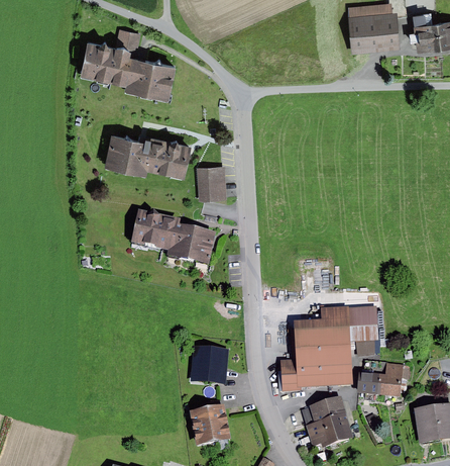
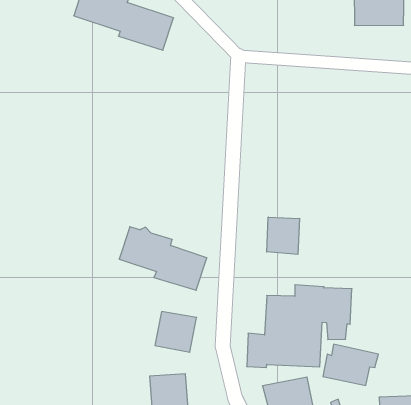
building: [105,131,191,174] -> none
building: [197,165,227,199] -> none
building: [131,209,216,265] -> [119,227,207,290]
building: none -> [267,217,300,254]

